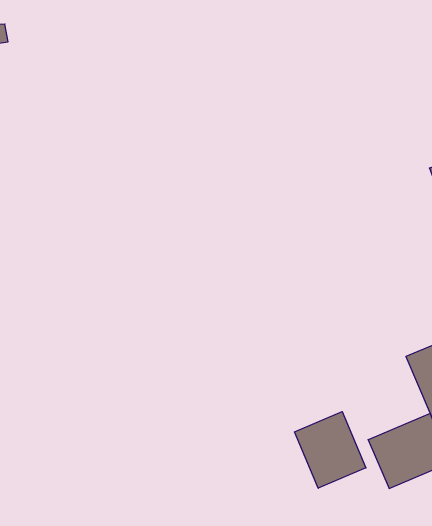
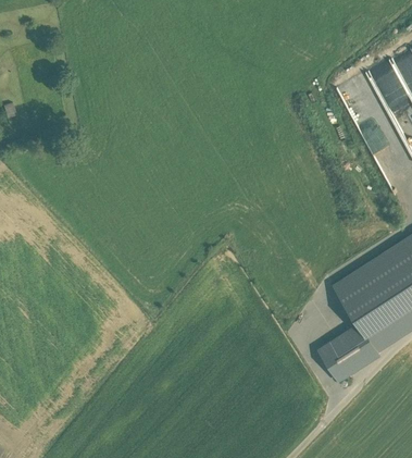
building: [294,412,366,488] -> none

